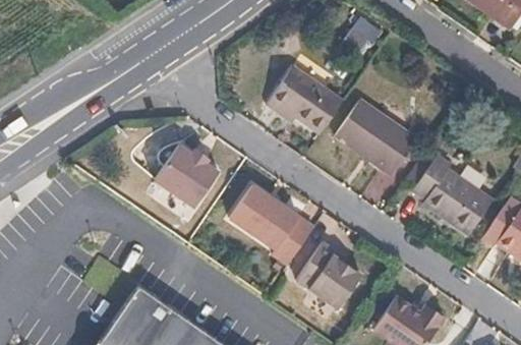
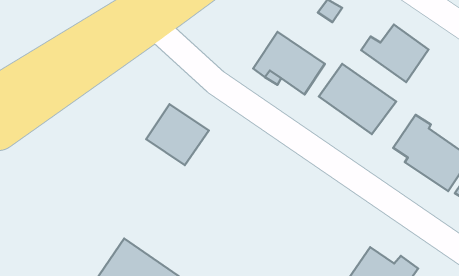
building: none -> [361,24,429,82]
building: [226,184,311,266] -> none
building: [297,243,361,309] -> none

